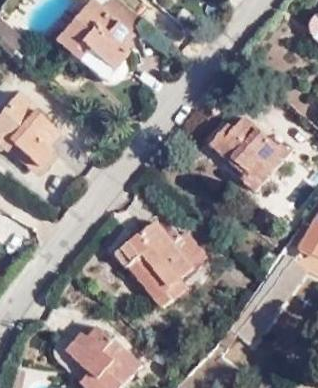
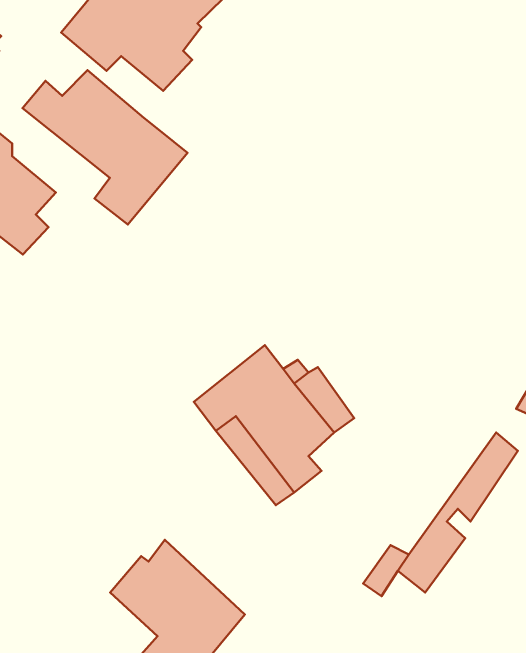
building: none -> [23,70,187,225]
building: [219,116,293,188] -> none

